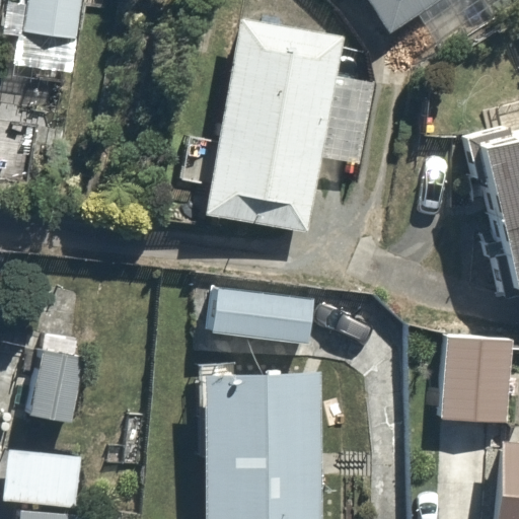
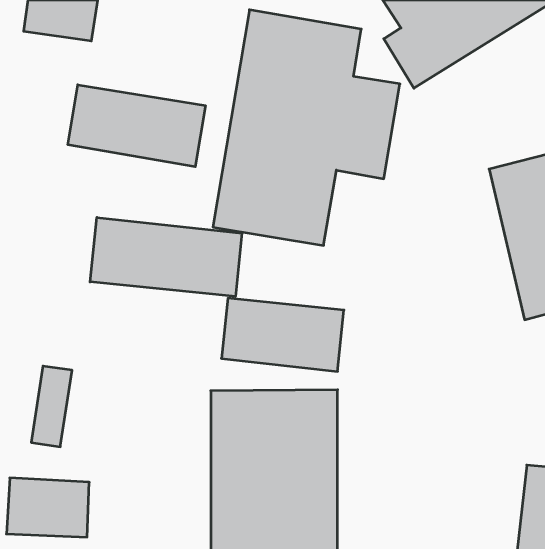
building: none -> [68,85,205,167]
building: none -> [90,217,242,296]
building: [443,331,510,424] -> none

